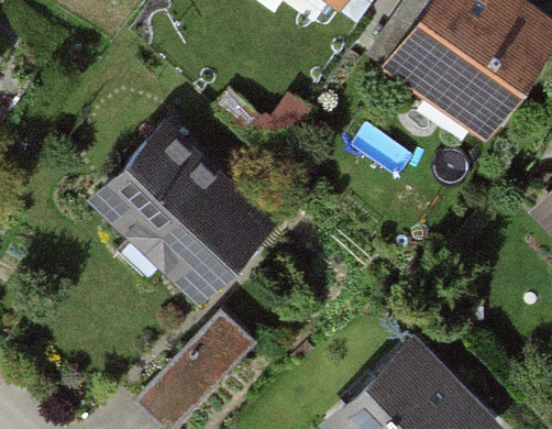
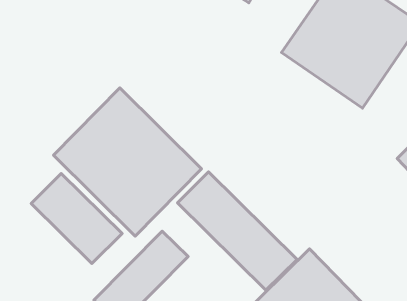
building: none -> [177,172,297,290]
building: none -> [31,173,122,264]

